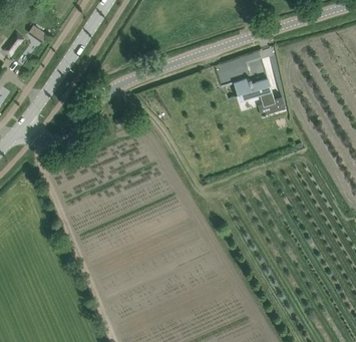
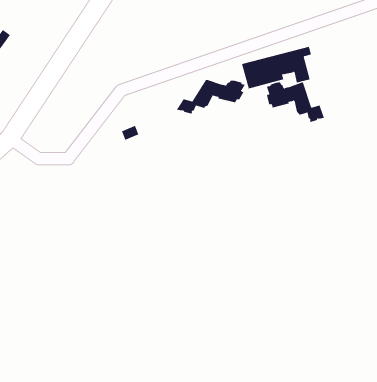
building: none -> [176,79,247,115]

